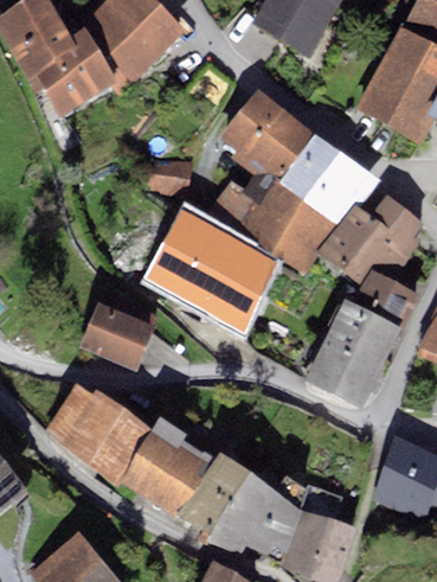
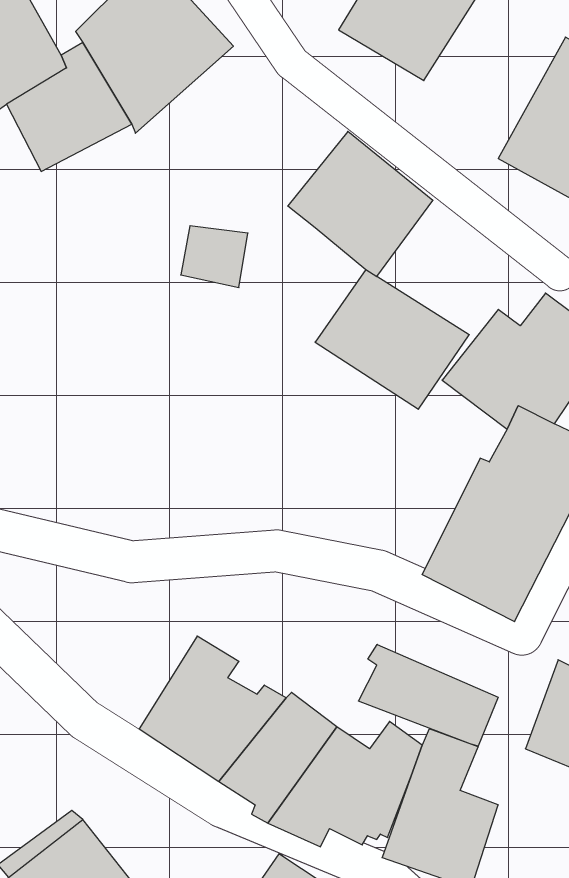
building: [277,135,372,223] -> none
building: [210,153,270,228] -> none
building: [144,209,277,328] -> none
building: [82,298,155,367] -> none
building: [45,384,150,480] -> none
building: none -> [358,644,498,746]

